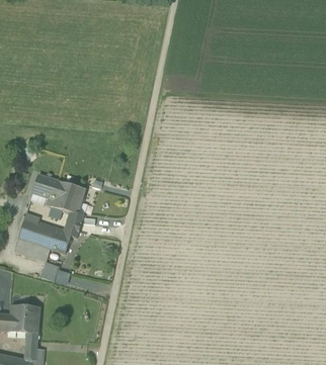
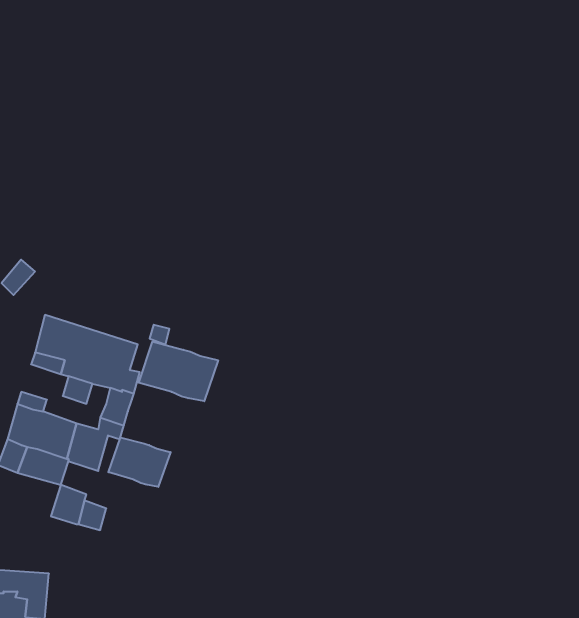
building: none -> [139,342,218,401]
building: none -> [108,437,171,487]

